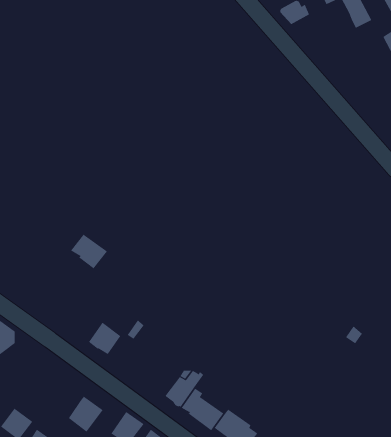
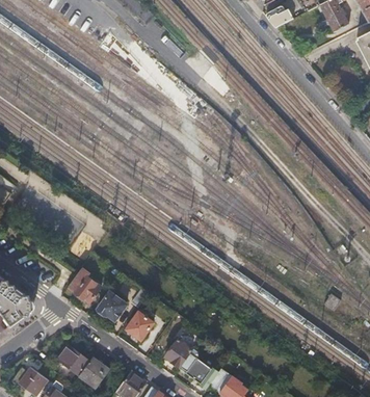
building: [70,234,108,269] -> [67,271,100,302]
building: none -> [124,312,152,340]
building: none -> [57,345,88,374]

